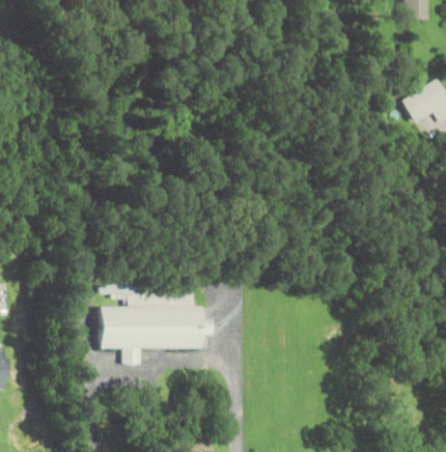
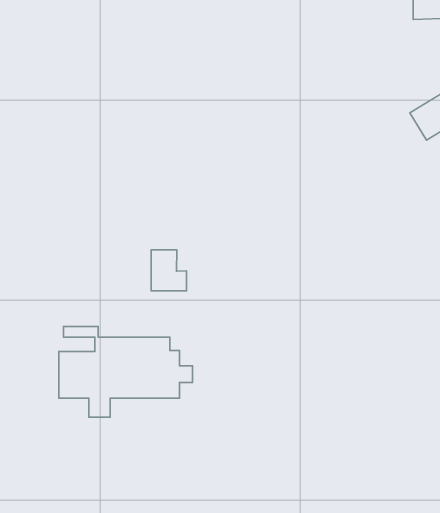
building: none -> [151,250,187,291]

